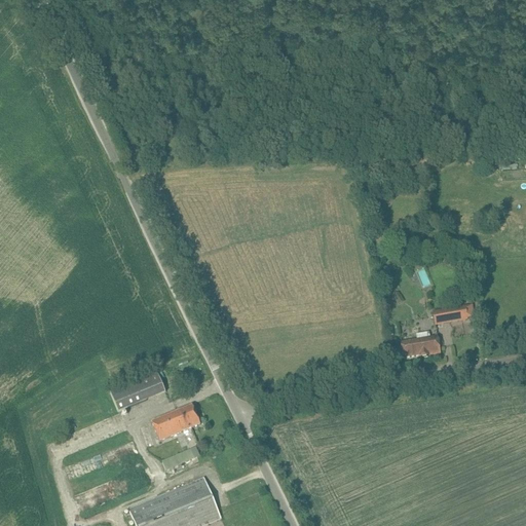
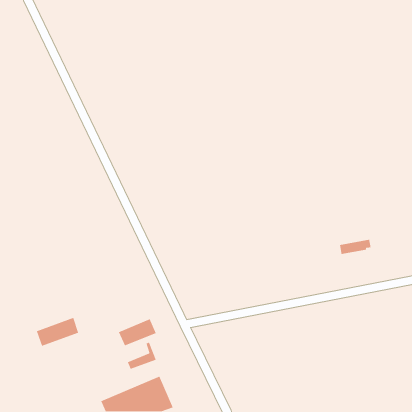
building: [399,331,440,356] -> none
building: [110,372,165,410] -> [36,317,79,347]

